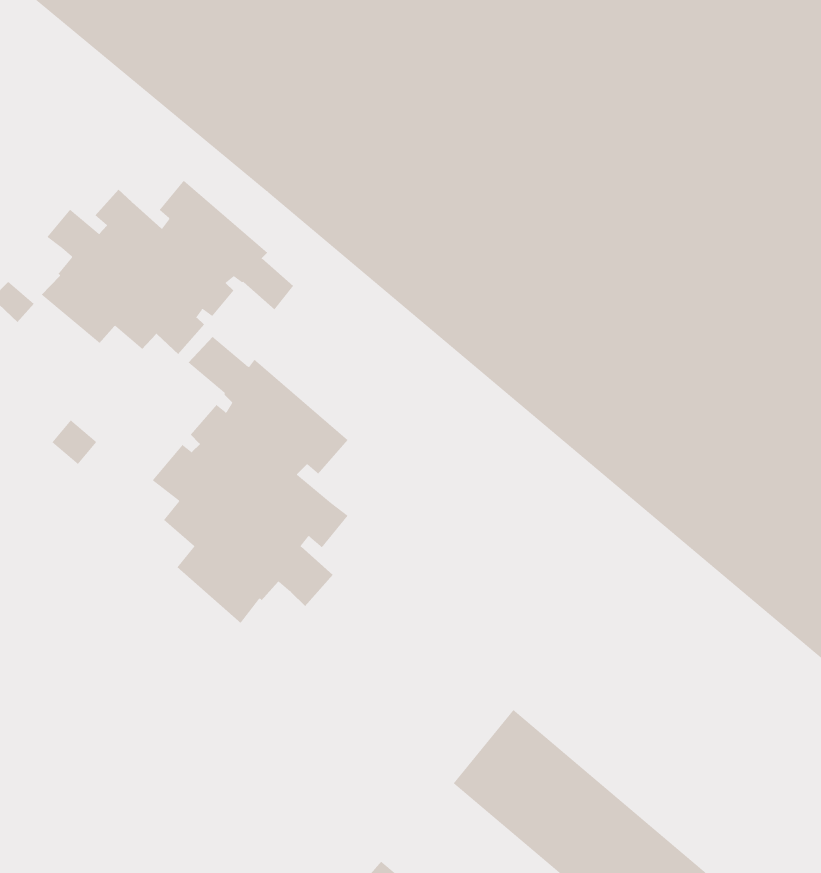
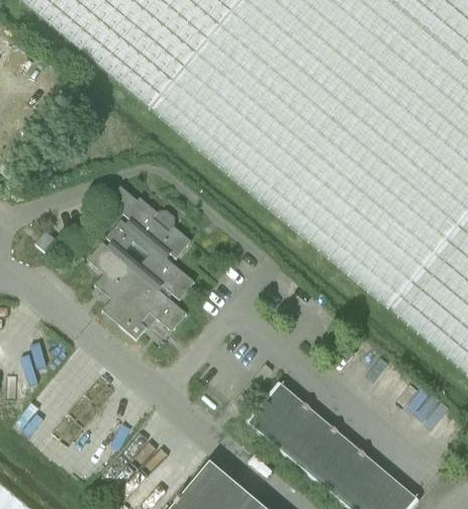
building: [41,180,294,355] -> none

